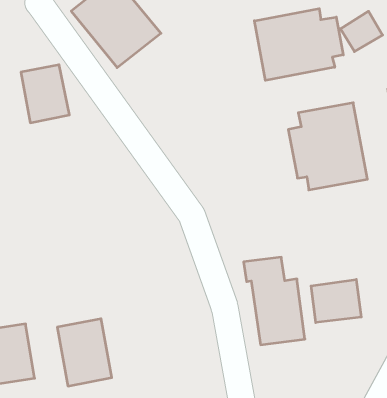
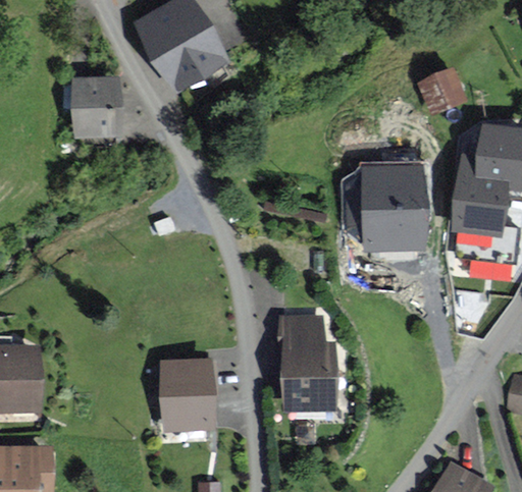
building: [254,9,343,80] -> none
building: [311,279,361,323] -> none
building: [57,319,112,386] -> [163,361,213,427]

